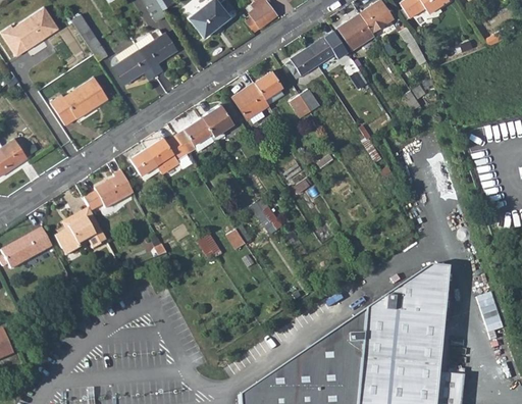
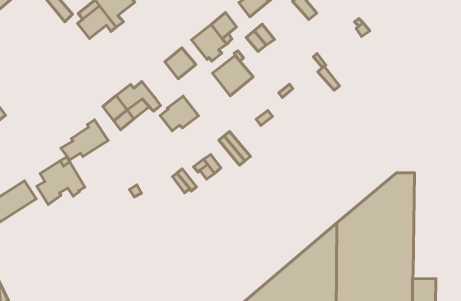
building: [53,81,110,128] -> none
building: [174,117,215,153] -> [160,96,199,131]
building: none -> [213,56,253,96]

